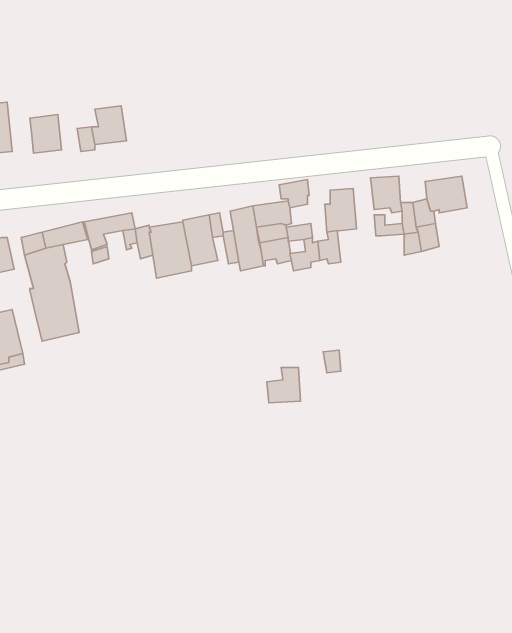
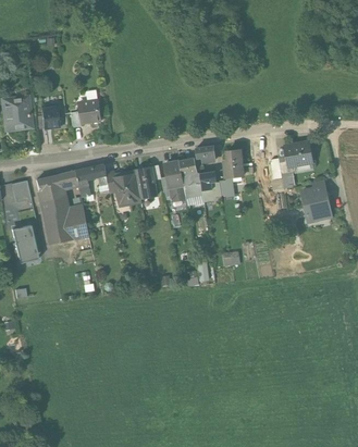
building: none -> [305,188,331,221]
building: none -> [67,204,90,239]

